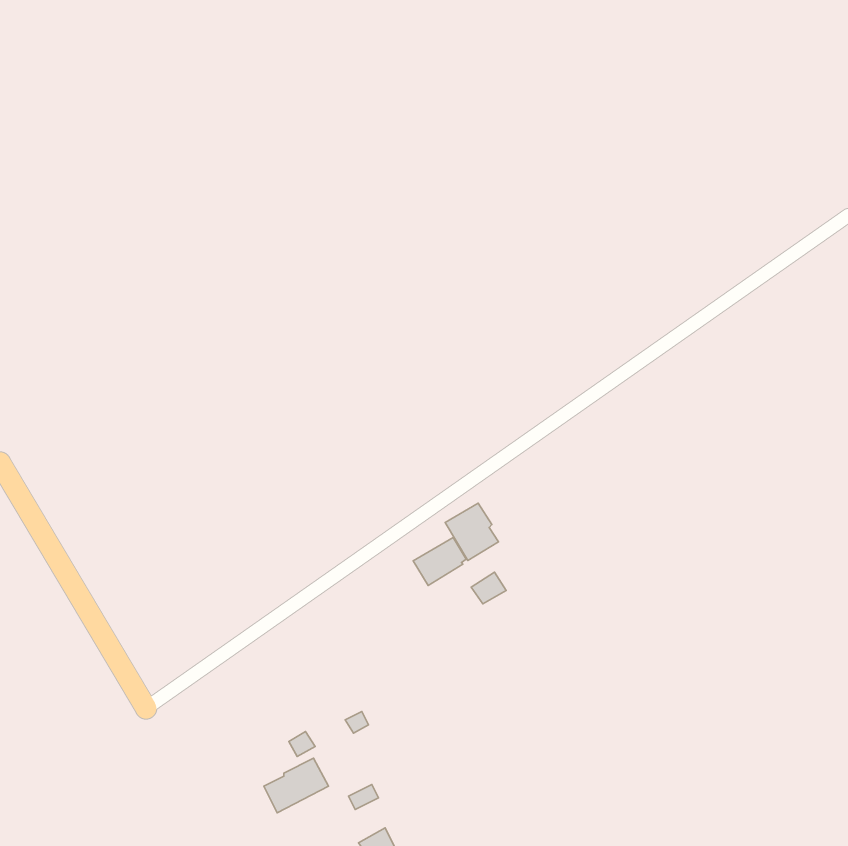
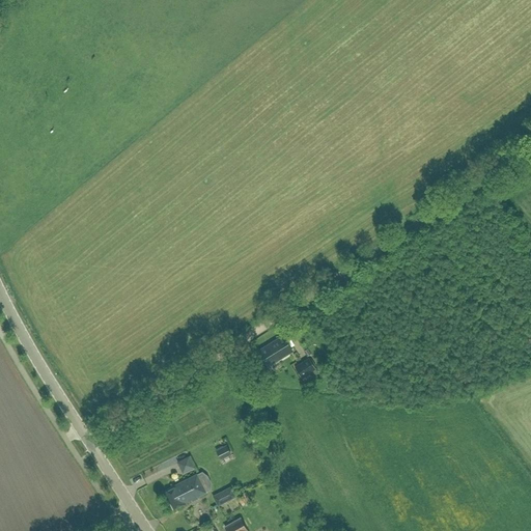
building: [445,503,498,560] -> none

